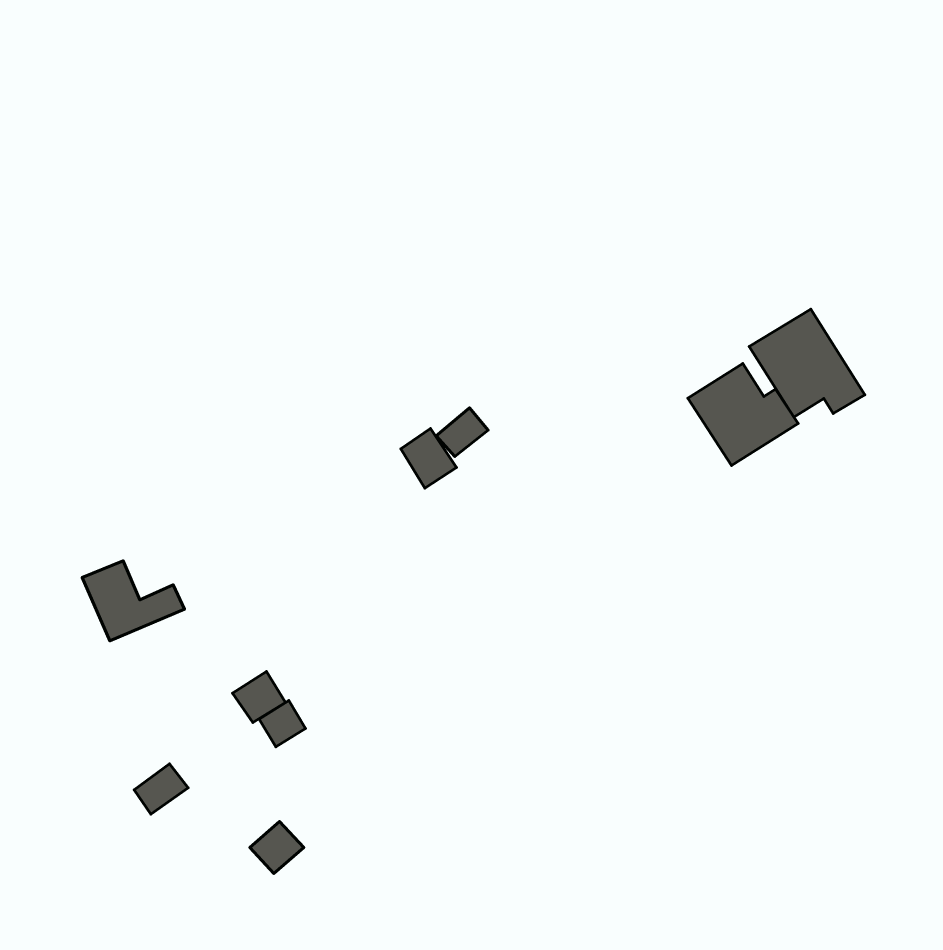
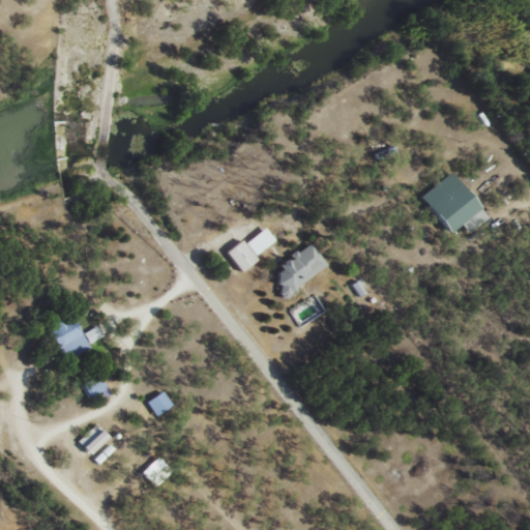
building: [688,363,798,465] -> none
building: none -> [275,242,329,298]
building: [233,672,286,722] -> none

